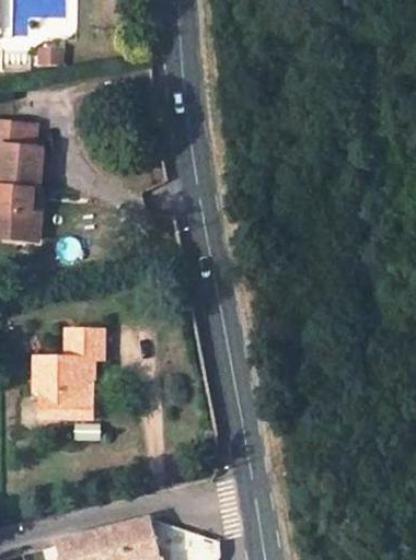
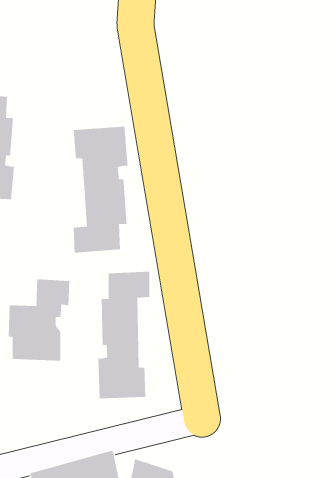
building: none -> [73,126,128,253]
building: none -> [98,271,150,399]

